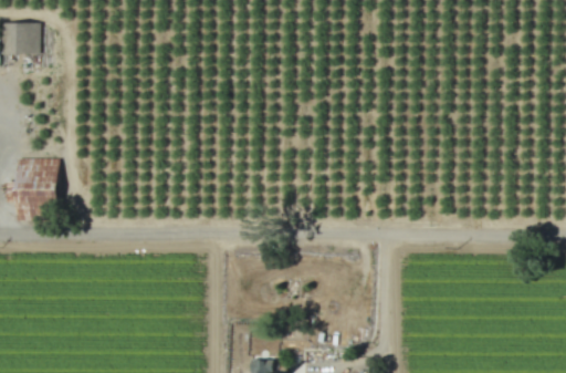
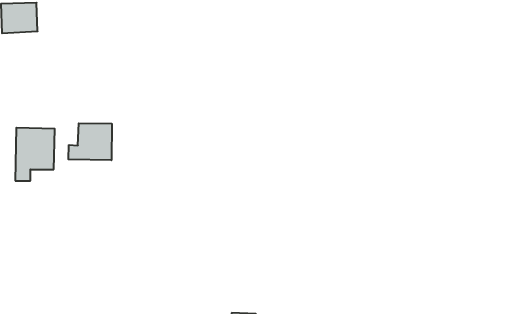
building: none -> [68,123,112,160]

